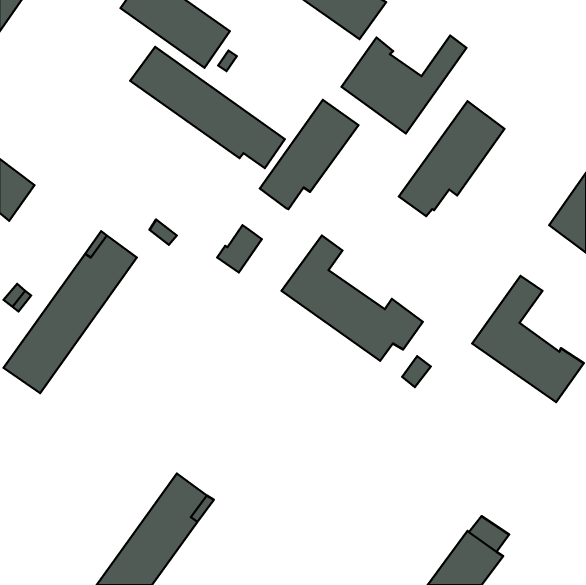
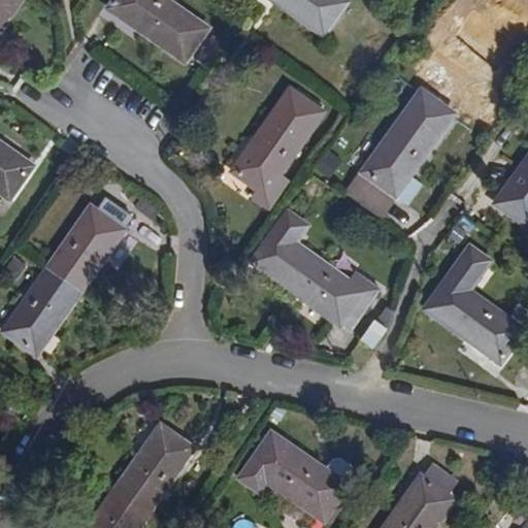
building: [341,36,467,133] -> none
building: [130,47,285,168] -> none
building: none -> [346,176,396,216]
building: [217,225,262,272] -> [250,168,290,210]
building: none -> [238,431,354,519]

